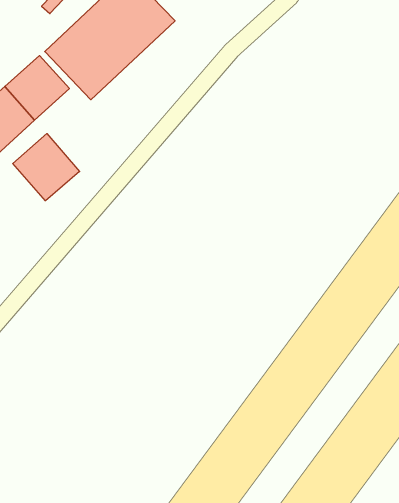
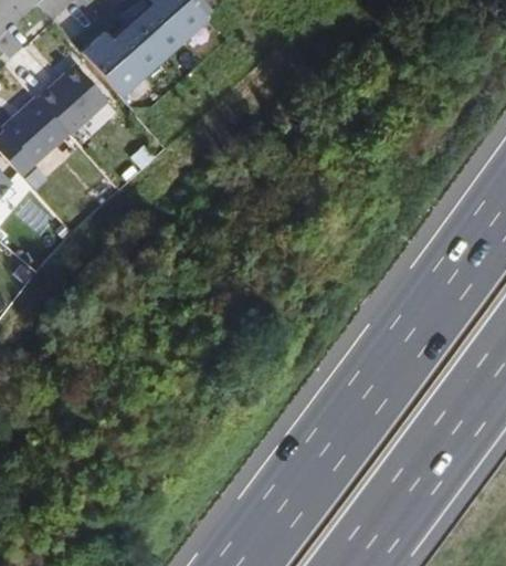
building: [13,134,80,201] -> none

